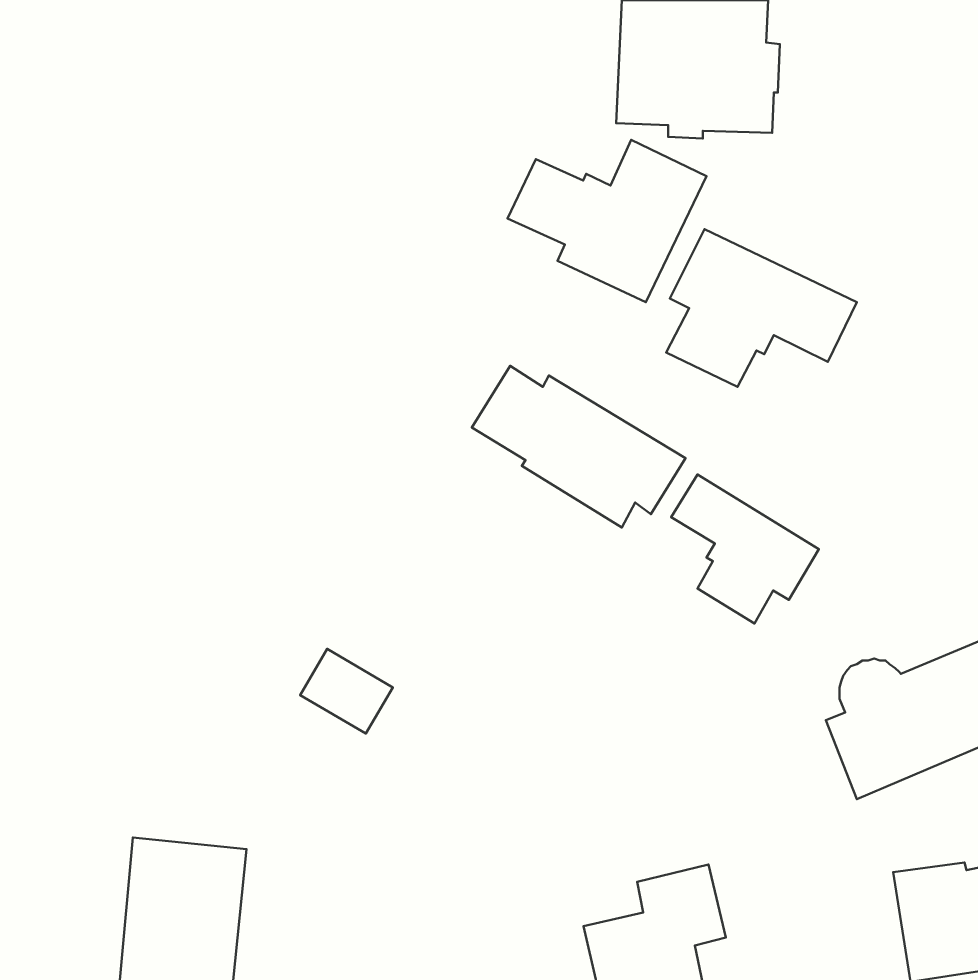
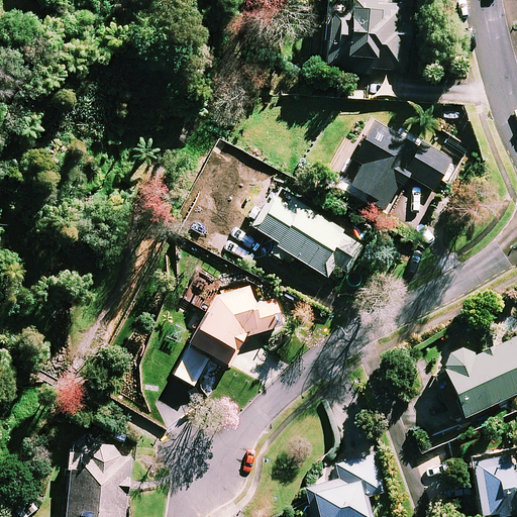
building: [508,140,707,302] -> none
building: [671,474,819,623] -> none
building: none -> [190,286,280,365]

